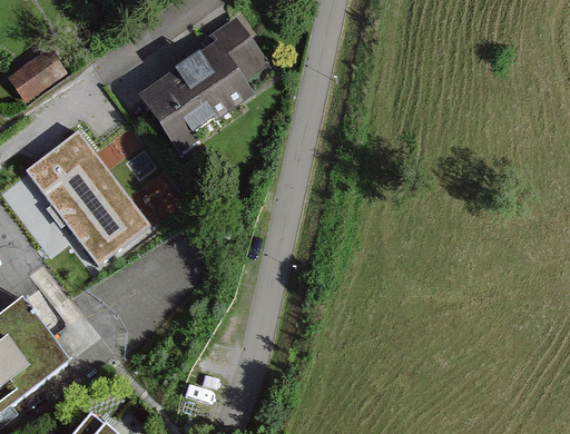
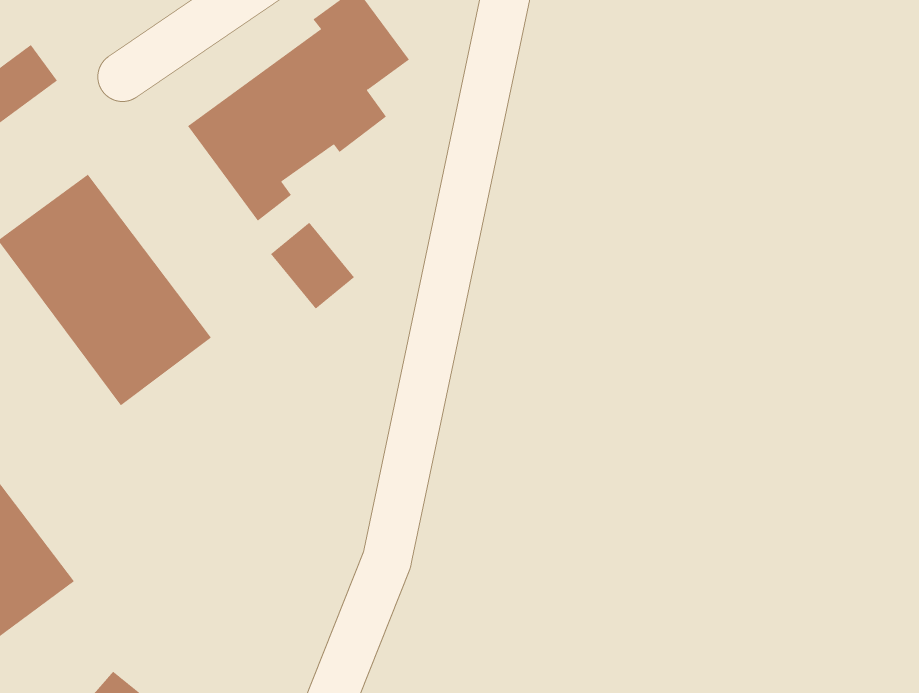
building: none -> [270,222,355,310]

